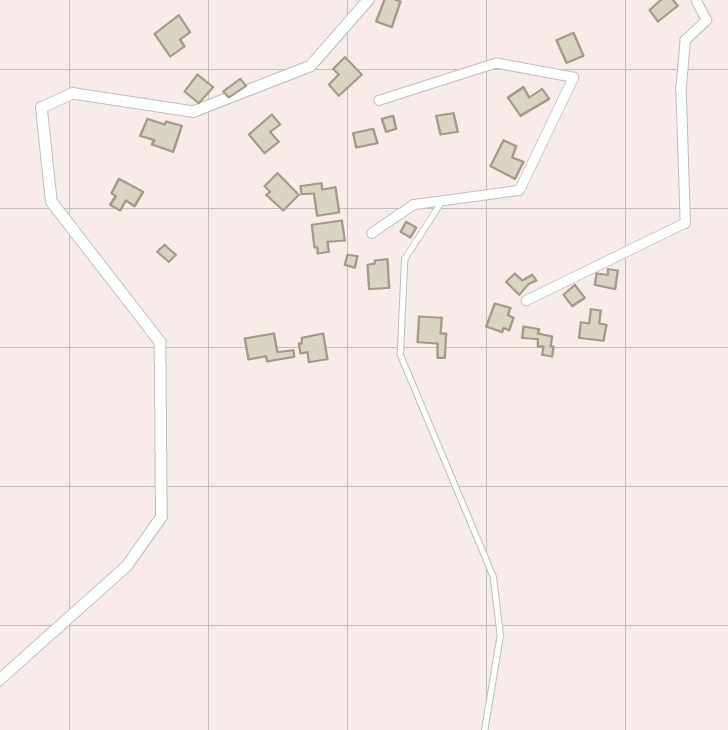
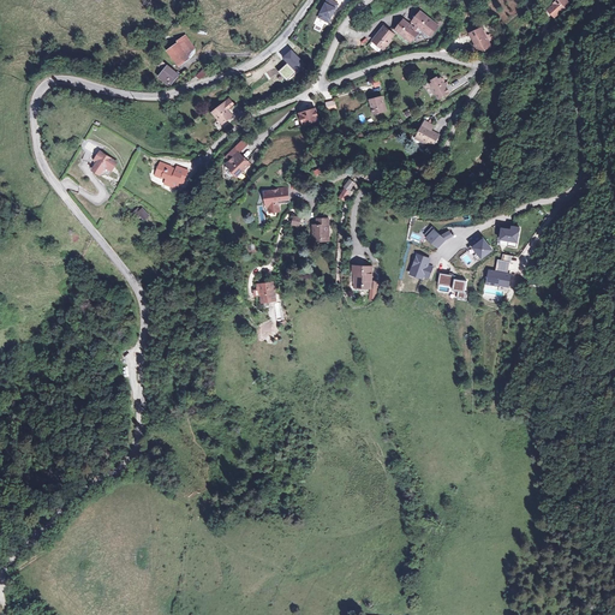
building: none -> [370,10,440,46]
building: [154,15,190,57] -> [165,34,195,68]
building: [140,119,182,152] -> [155,161,190,189]
building: [301,183,339,216] -> none
building: [245,334,294,361] -> none

